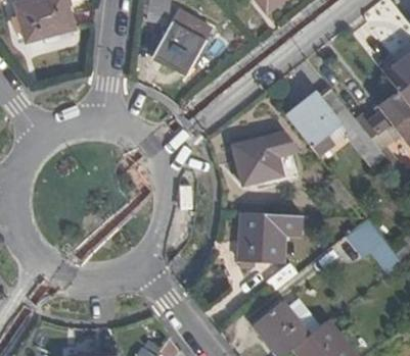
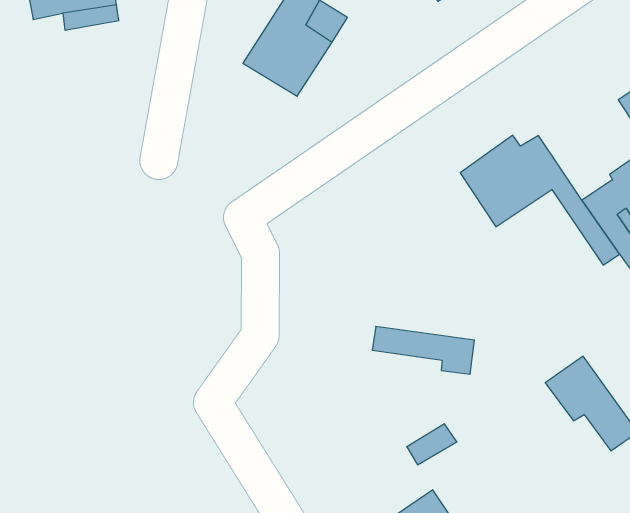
building: [231,131,300,184] -> none
building: [239,223,283,261] -> none

